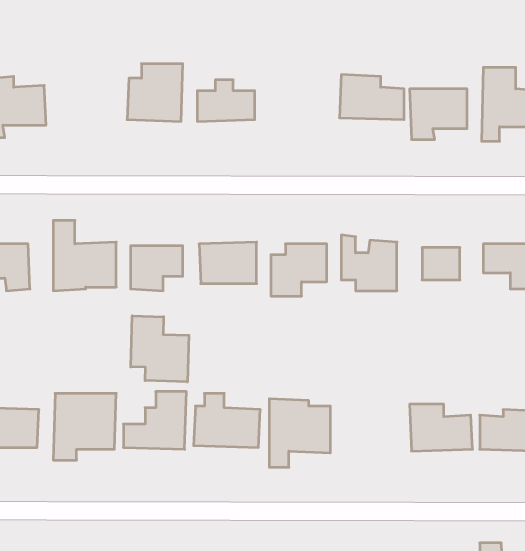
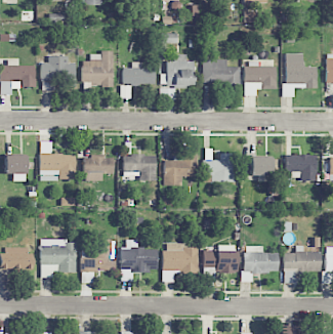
building: none -> [160,54,194,99]
building: none -> [41,55,76,82]
building: [131,316,189,382] -> none
building: none -> [203,250,237,270]

